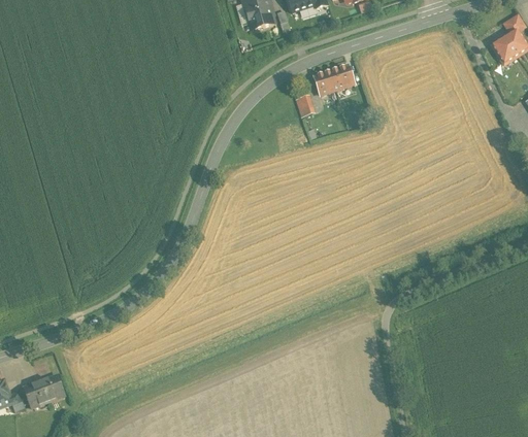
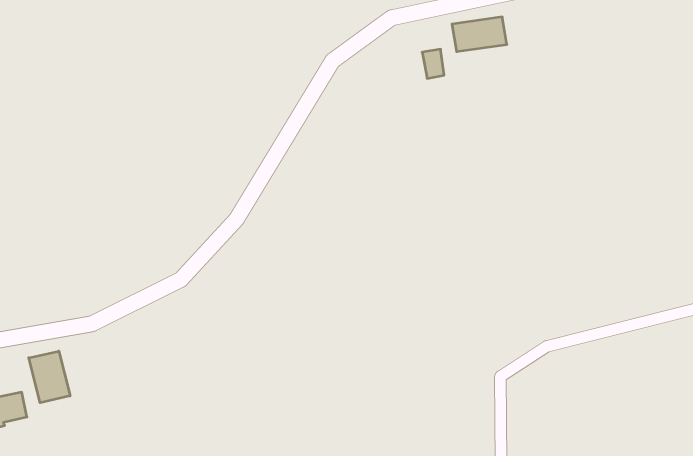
building: none -> [29,351,70,403]

